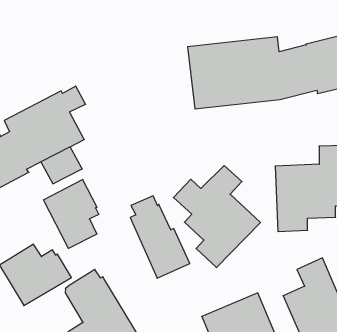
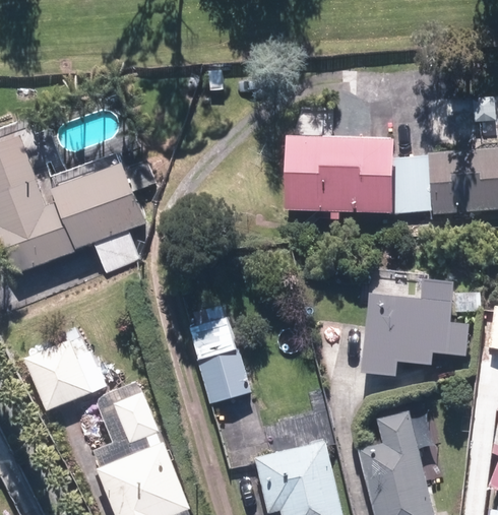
building: [173,166,260,268] -> none
building: [44,179,99,248] -> none

